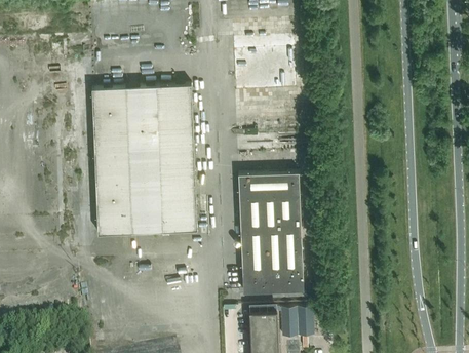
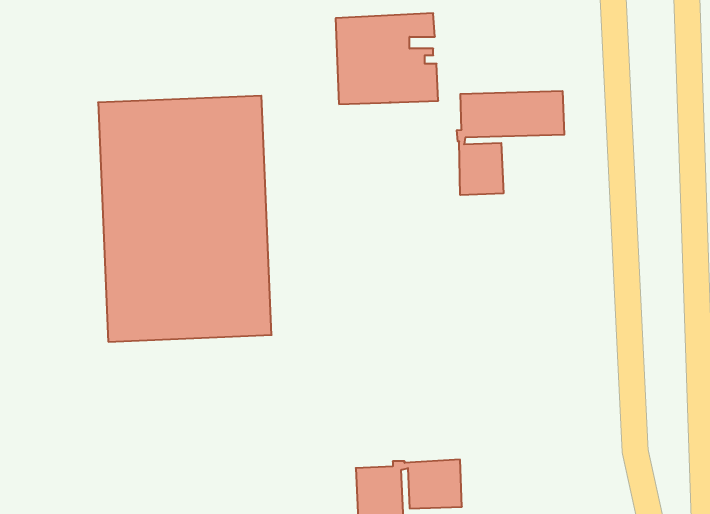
building: none -> [457,91,564,195]
building: [239,172,304,293] -> none

